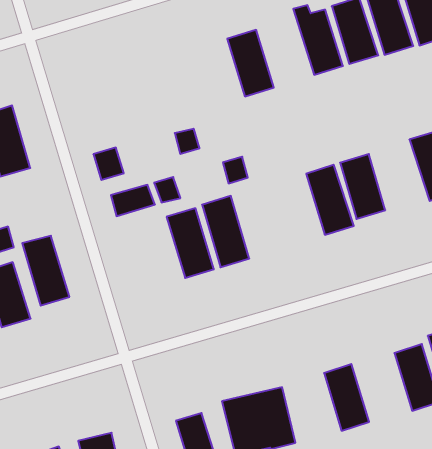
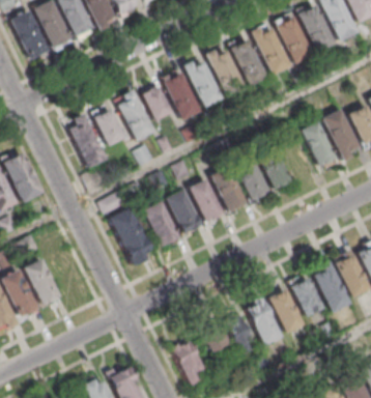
building: none -> [182,60,222,107]
building: none -> [119,88,155,139]
building: none -> [144,84,174,119]
building: none -> [95,107,127,145]
building: none -> [67,114,105,167]
building: none -> [209,165,248,214]
building: none -> [187,177,225,226]
building: [22,236,69,306] -> [110,207,148,256]
building: none -> [290,277,323,317]
building: none -> [245,300,282,346]

